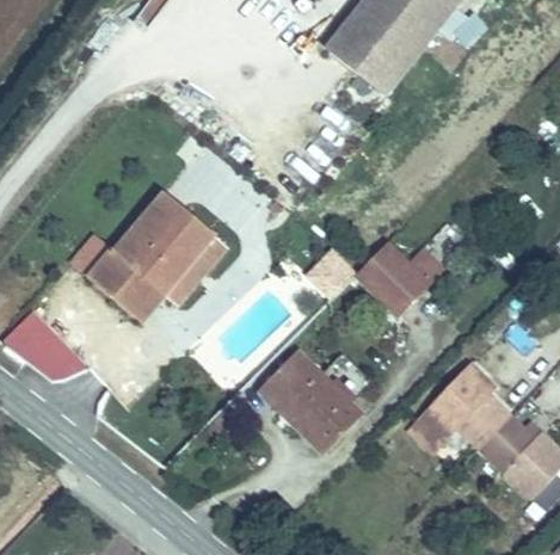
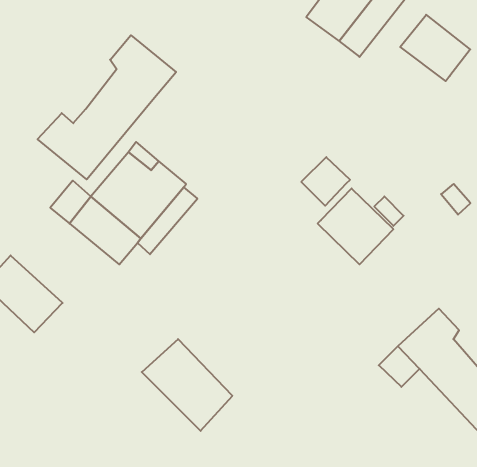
building: none -> [400,15,470,81]
building: none -> [38,35,176,179]
building: [302,245,353,296] -> [301,157,350,206]
building: [259,356,355,452] -> [142,339,232,431]

